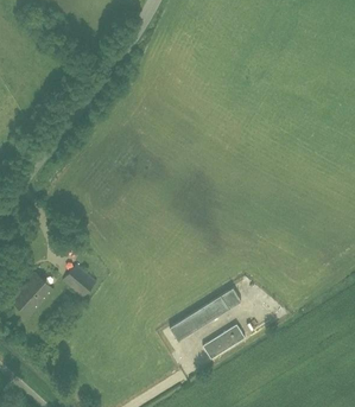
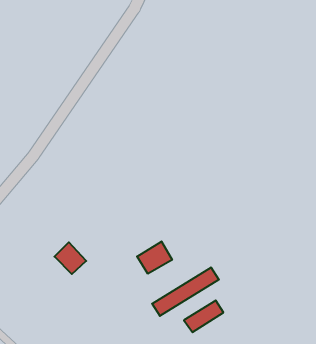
building: none -> [137,241,172,274]
building: [13,273,55,317] -> none

